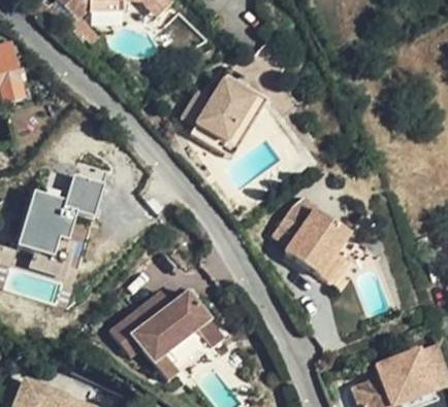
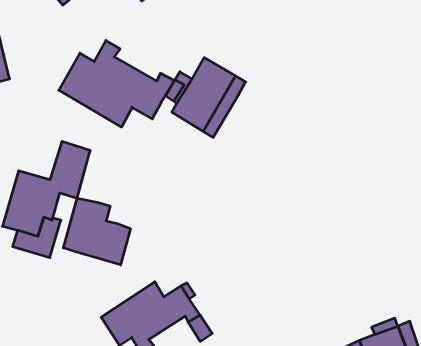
building: none -> [59,40,175,127]
building: [271,192,348,270] -> none
building: none -> [63,198,130,265]

